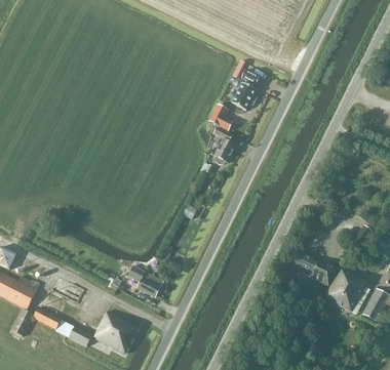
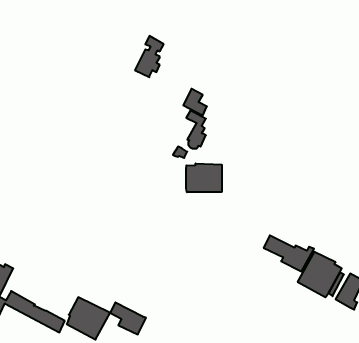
building: [231,69,260,110] -> [135,36,164,77]
building: none -> [186,163,222,192]
building: [127,265,163,297] -> [110,302,146,334]

